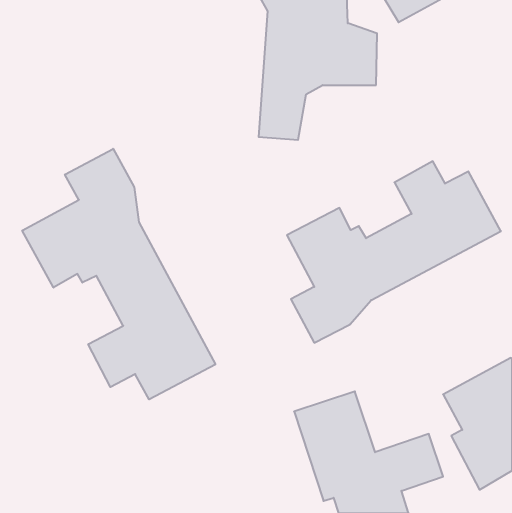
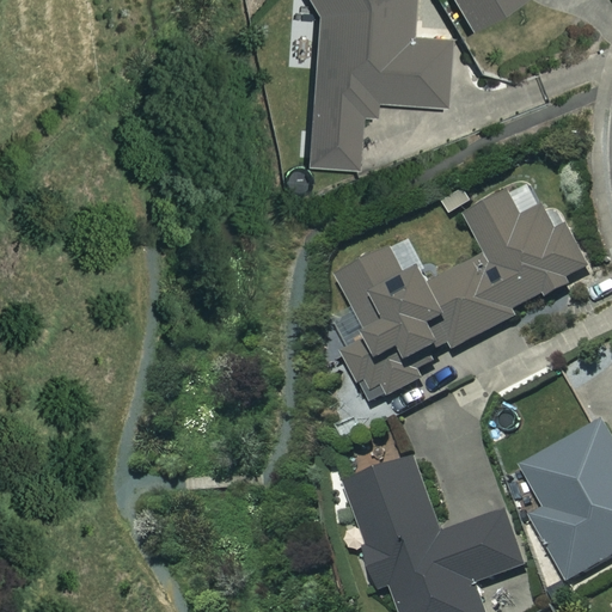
building: [22,149,215,399] -> none

